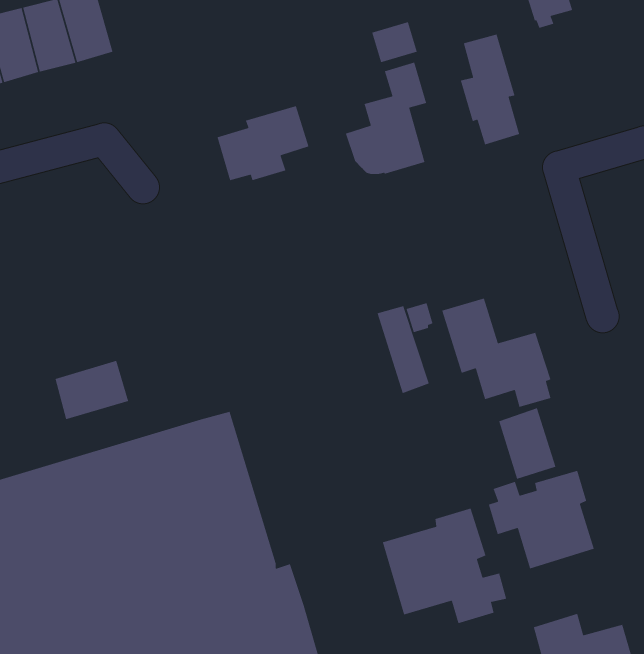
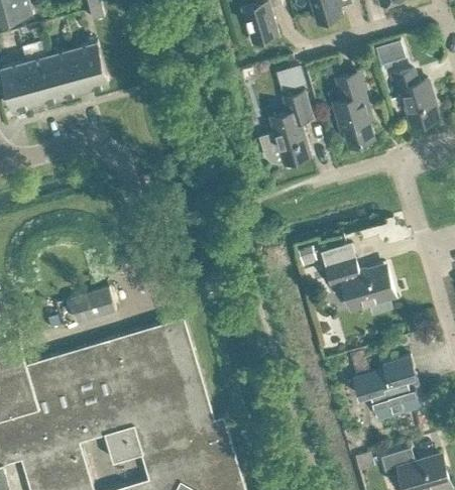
building: none -> [390,71,439,127]
building: [217,105,310,181] -> none
building: [376,305,430,394] -> none
building: [498,407,556,480] -> none
building: [382,507,507,624] -> none

